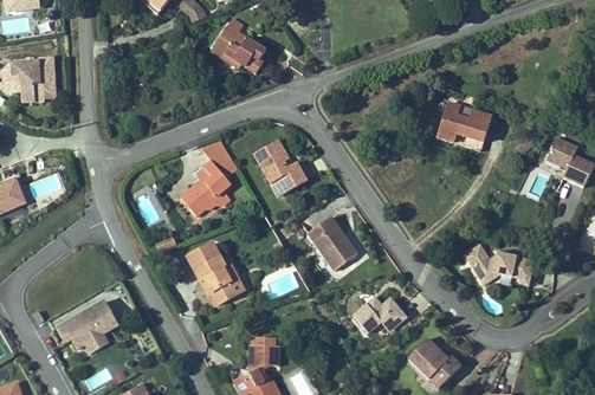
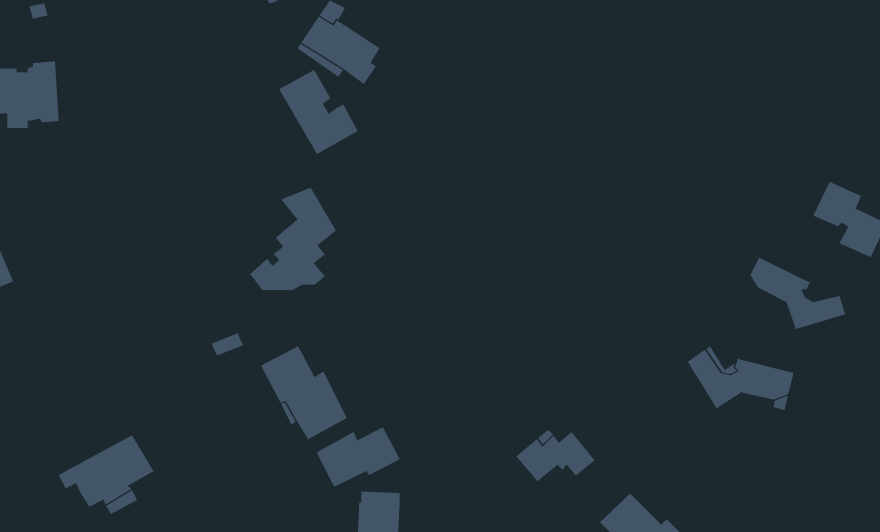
building: [436,102,491,150] -> none
building: [253,140,305,195] -> [278,69,358,155]
building: none -> [750,257,846,330]
building: [308,216,356,270] -> none
building: none -> [316,426,400,487]

